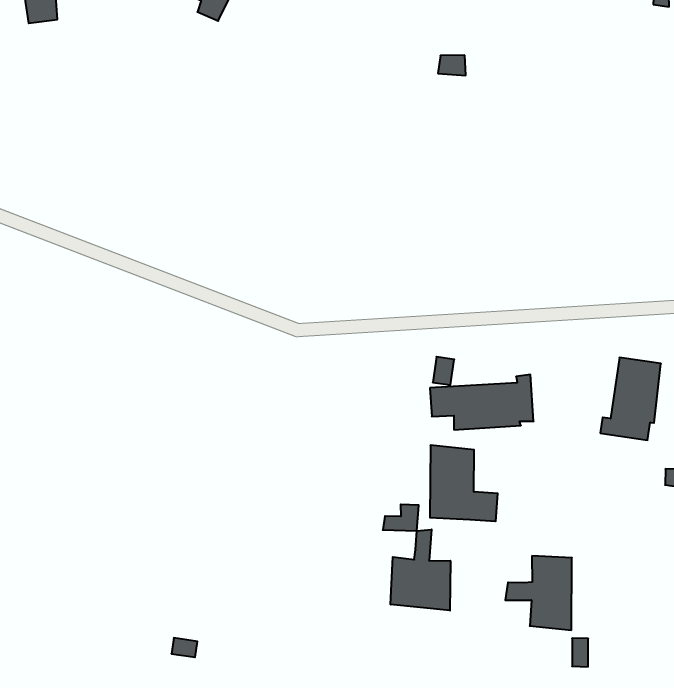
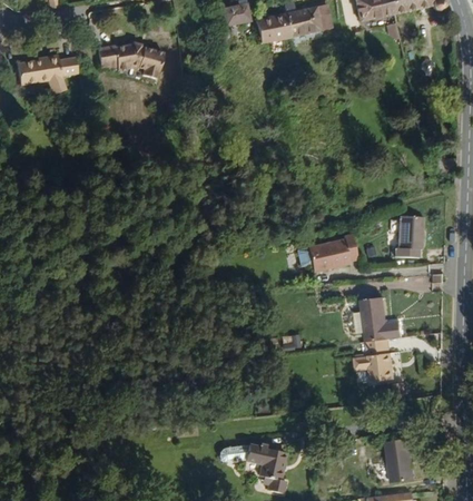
building: [430,445,498,521] -> [362,305,404,346]
building: [391,529,450,611] -> none

